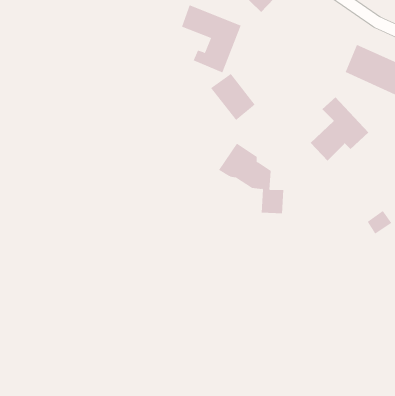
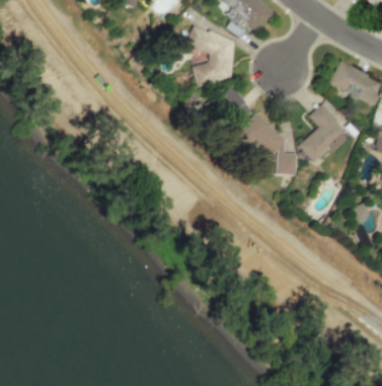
building: [218,143,284,214] -> [236,113,294,175]

